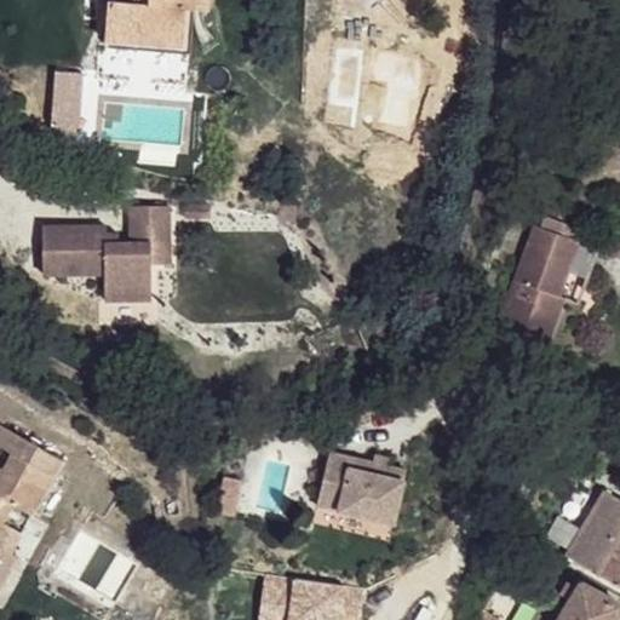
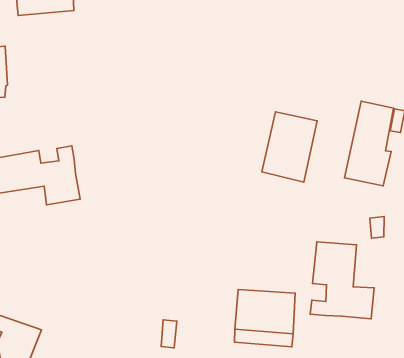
building: [124,203,162,259] -> none
building: none -> [262,112,317,182]
building: none -> [310,242,374,319]

